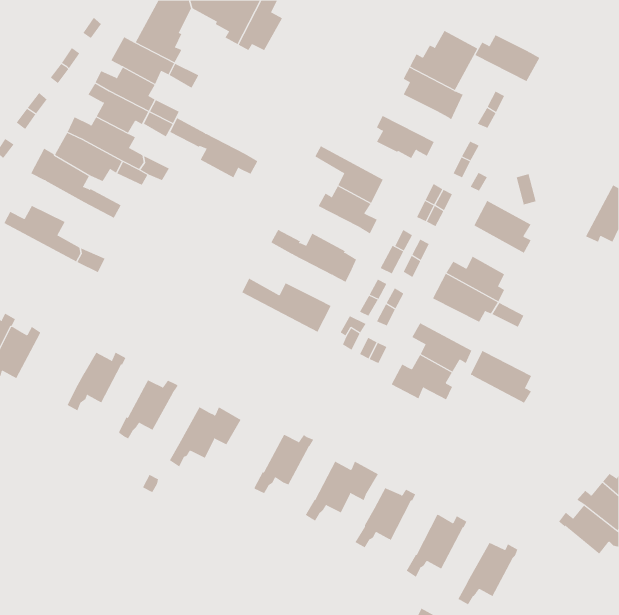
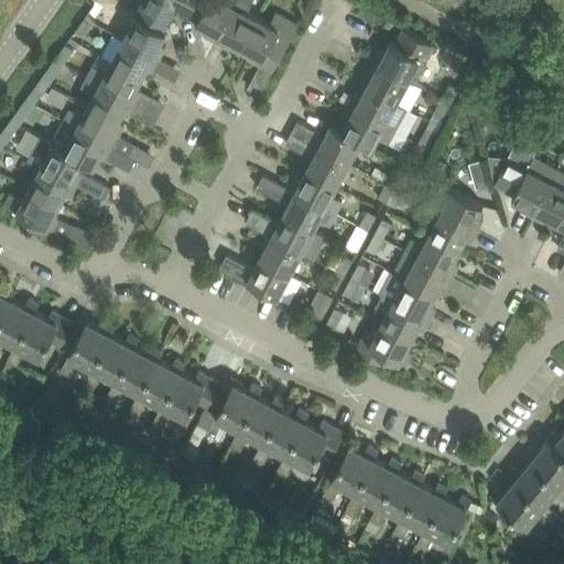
building: none -> [240,14,297,75]
building: [475,35,540,82] -> [347,90,406,133]
building: [169,117,258,178] -> [256,177,336,232]
building: none -> [291,124,361,167]
building: none -> [486,160,556,219]
building: none -> [29,169,76,206]
building: none -> [423,209,476,253]
building: none -> [259,236,302,276]
building: none -> [7,313,74,368]
building: [470,350,532,404] -> [379,274,435,323]
building: none -> [84,336,138,390]
building: none -> [130,361,185,415]
building: none -> [206,386,261,441]
building: none -> [253,410,308,465]
building: none -> [346,459,401,516]
building: none -> [490,482,557,529]
building: none -> [391,484,447,541]

